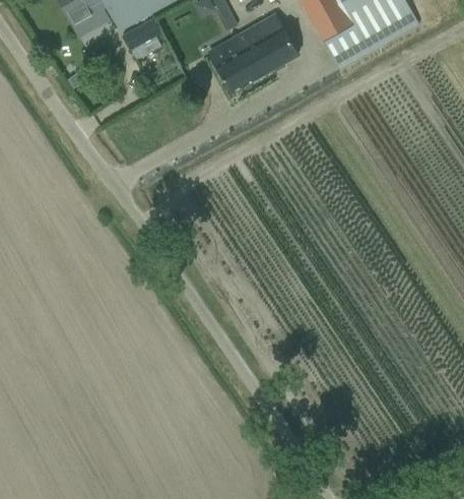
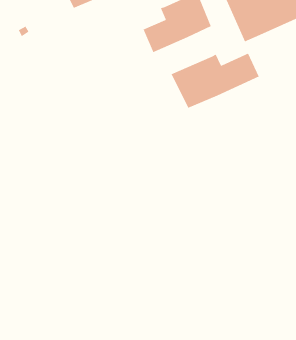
building: none -> [170,53,260,109]

